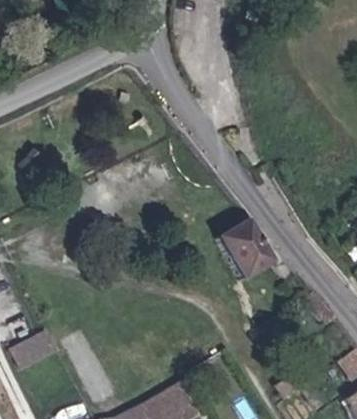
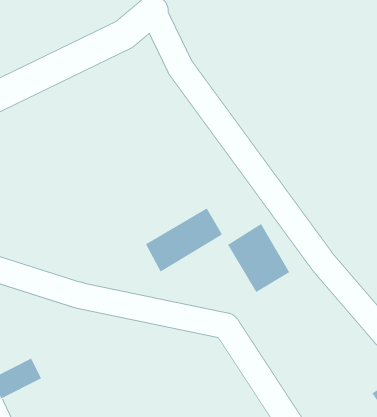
building: none -> [145,207,223,272]

